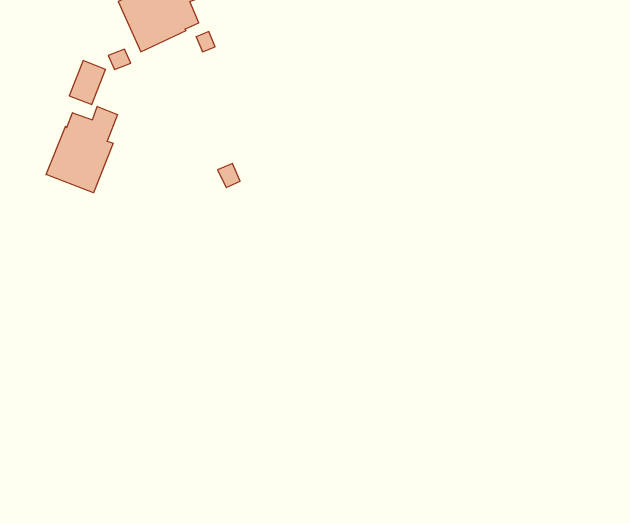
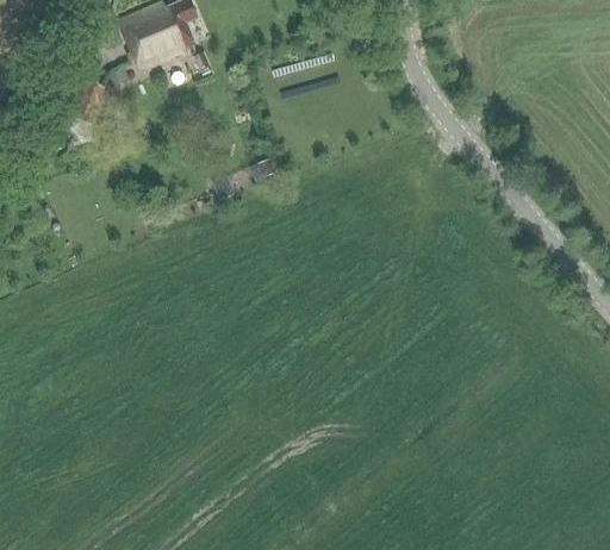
building: [46,106,117,193] -> none

